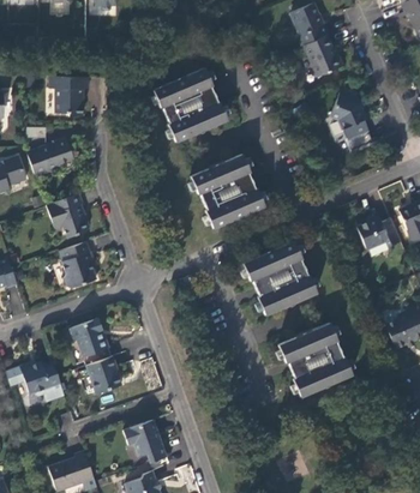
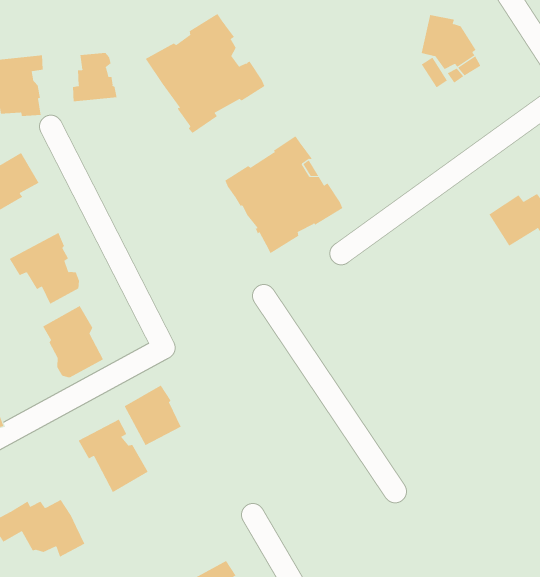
building: none -> [72,52,117,102]
building: [244,240,318,314] -> none
building: [280,321,354,396] -> none
building: [88,355,122,392] -> [124,385,181,446]

